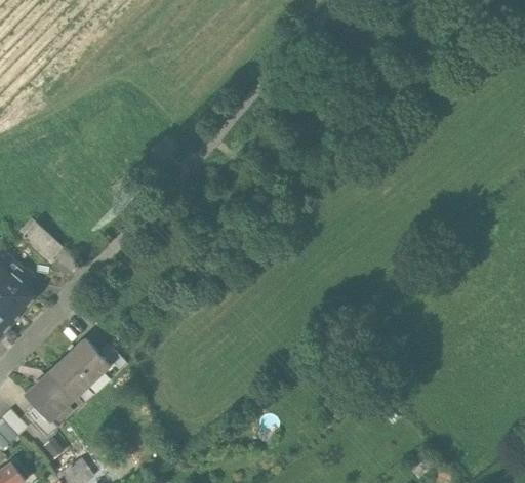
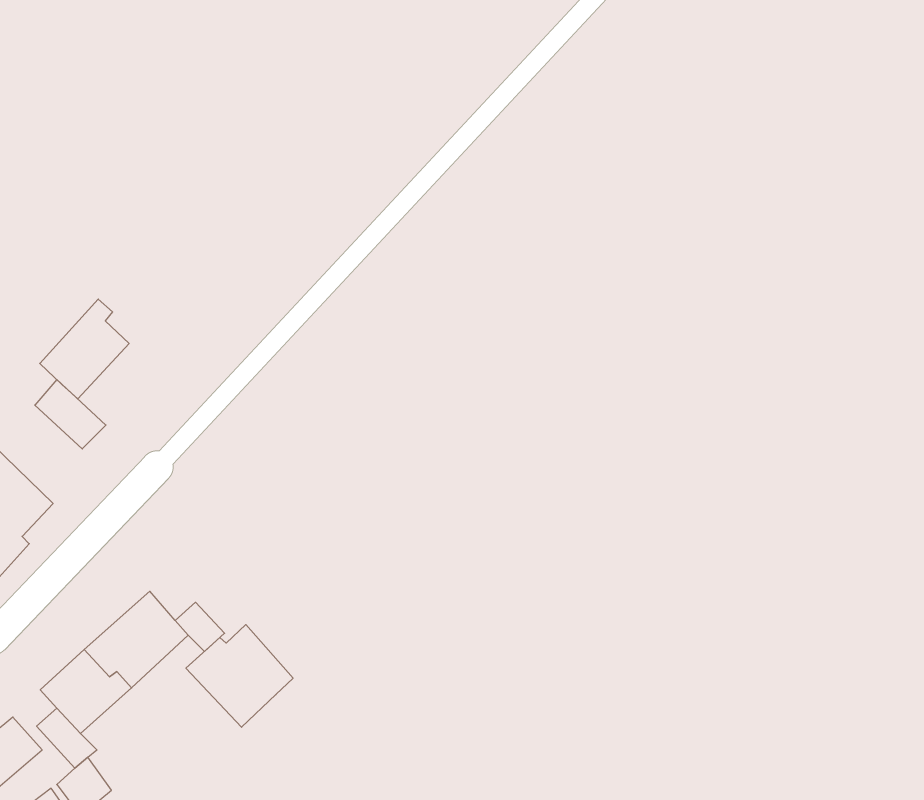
building: none -> [40,299,129,399]
building: none -> [186,625,293,727]

